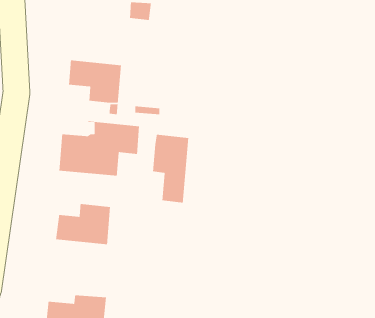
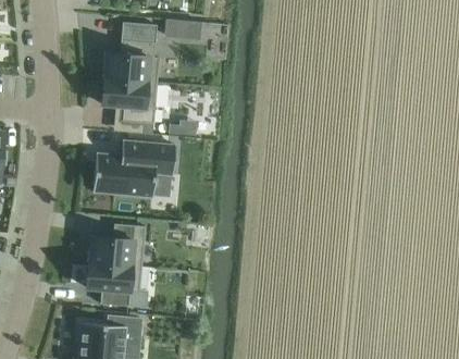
building: none -> [104,23,159,84]
building: [152,134,189,203] -> none
building: none -> [87,261,142,307]

